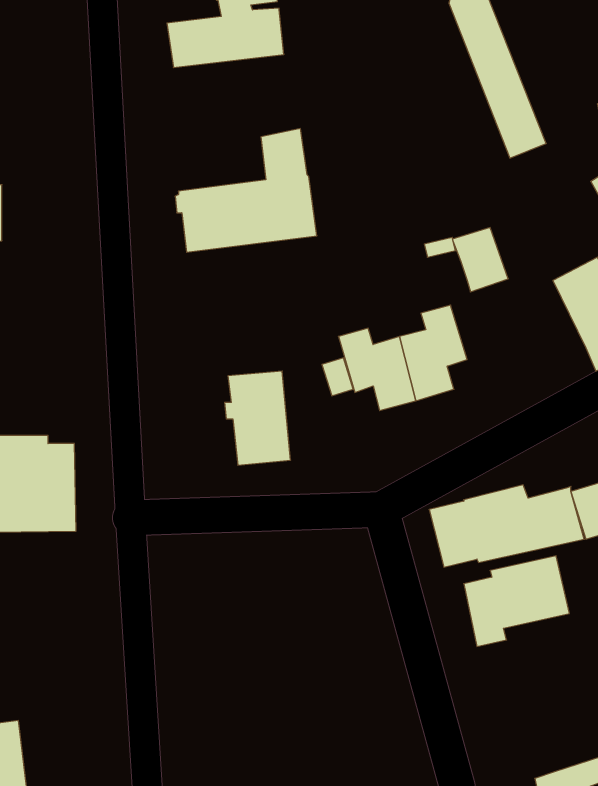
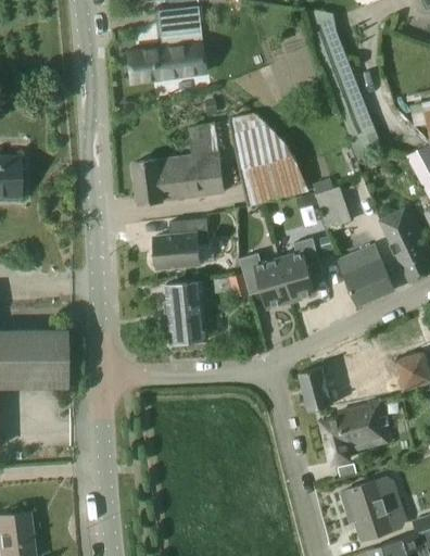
building: none -> [229,113,311,206]
building: none -> [153,218,215,268]
building: none -> [340,245,394,305]
building: none -> [343,478,406,540]

